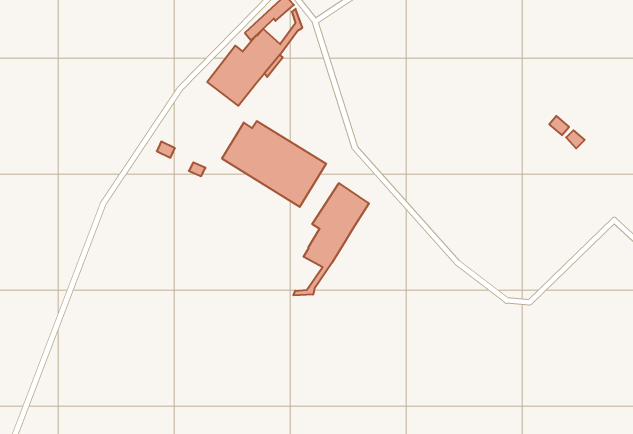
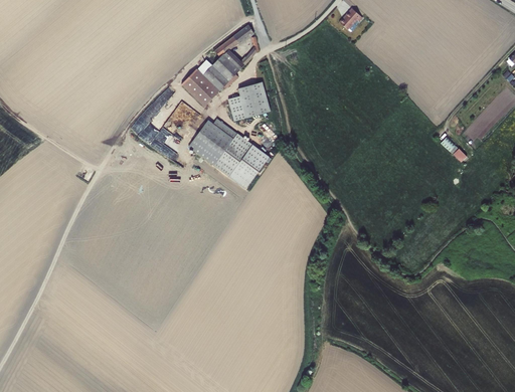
building: none -> [228,81,271,122]
building: [293,183,369,295] -> none

